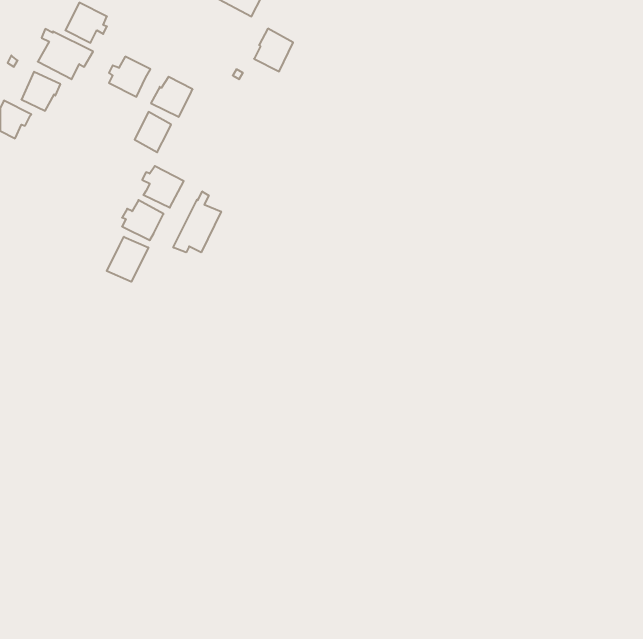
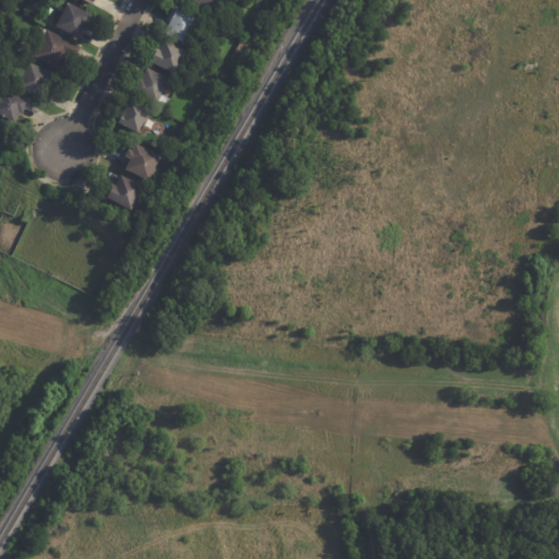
building: [254,29,293,71] -> [166,8,200,45]
building: [109,57,150,97] -> [150,38,186,73]
building: [173,191,221,252] -> none
building: [107,237,148,282] -> none

